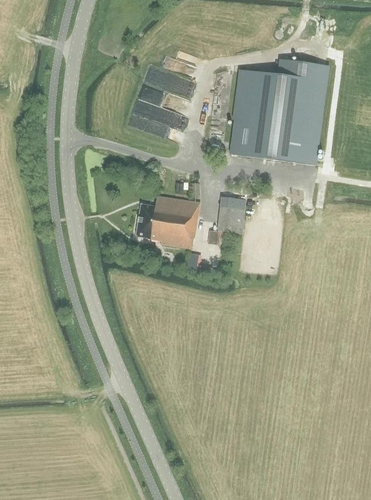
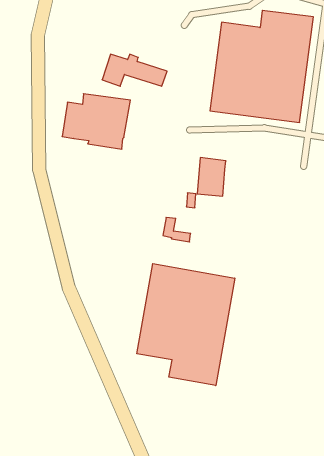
building: [136,195,200,247] -> [62,94,130,149]
building: none -> [137,264,235,386]

